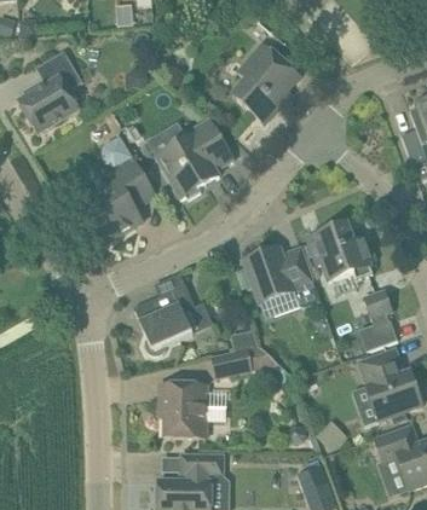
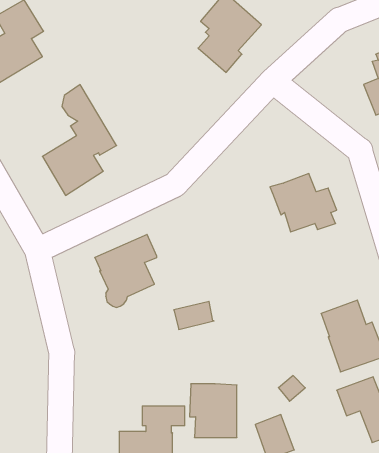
building: [150,117,235,197] -> none
building: [244,247,321,307] -> none
building: [359,289,398,350] -> none
building: [160,383,207,436] -> [190,384,237,437]

